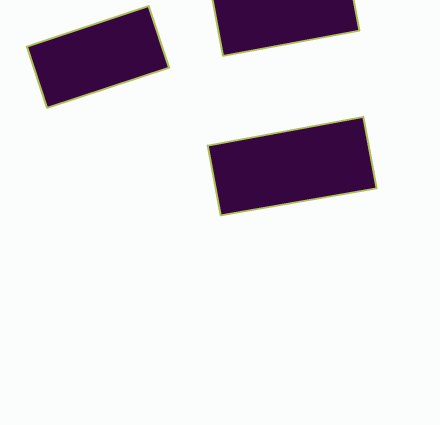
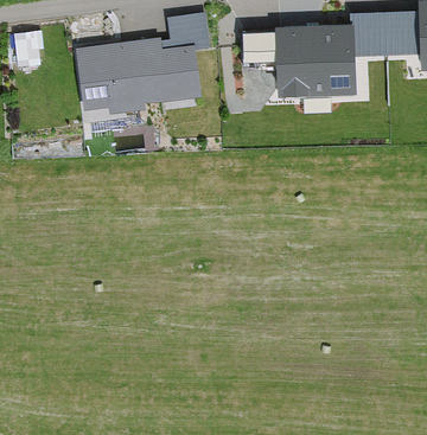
building: [208,117,376,215] -> none

